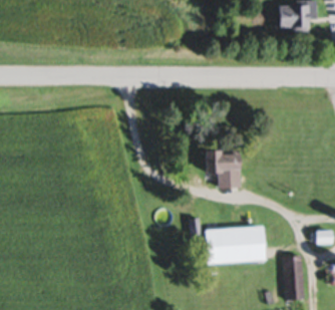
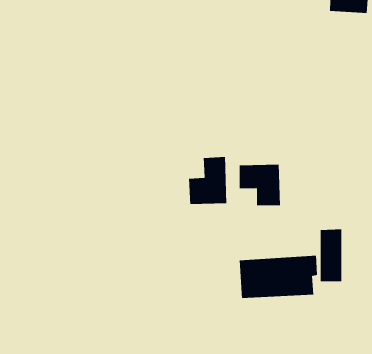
building: none -> [188,156,227,205]
building: [289,255,307,298] -> [320,229,342,282]

